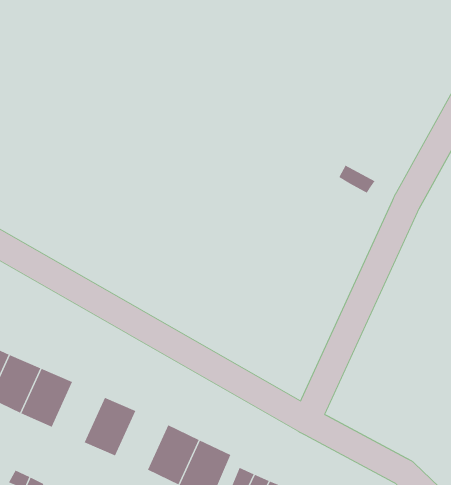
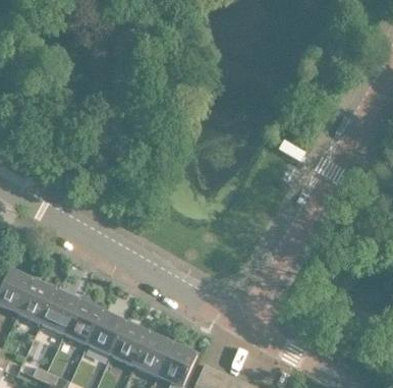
building: none -> [65,298,104,345]
building: none -> [112,322,151,366]

